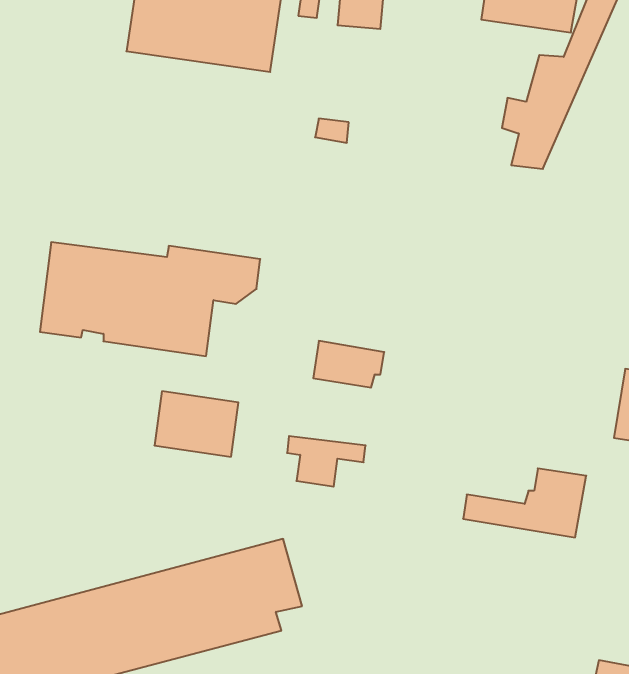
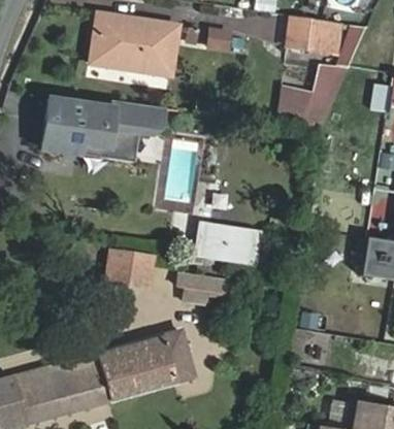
building: [40,242,260,356] -> [41,98,163,161]
building: [463,468,586,537] -> [192,229,260,267]

